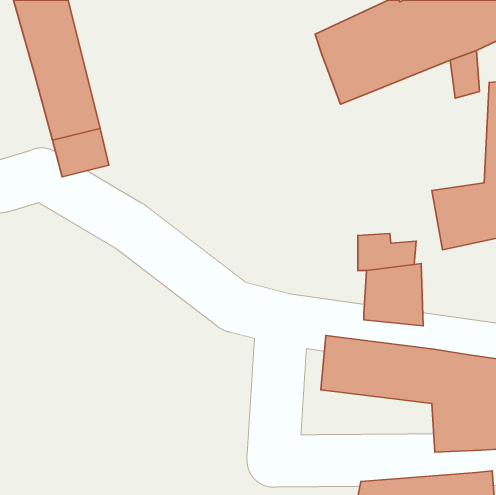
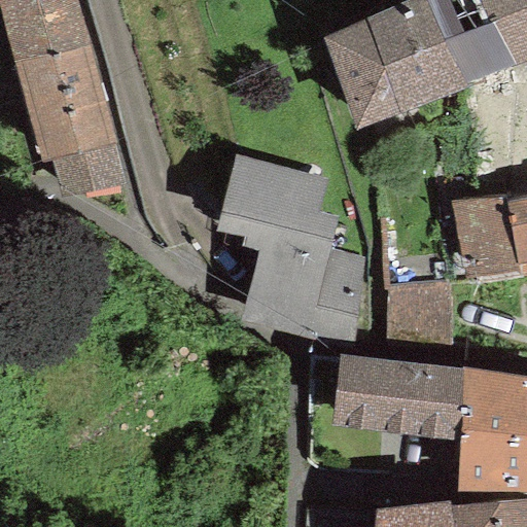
building: none -> [218,160,360,337]

